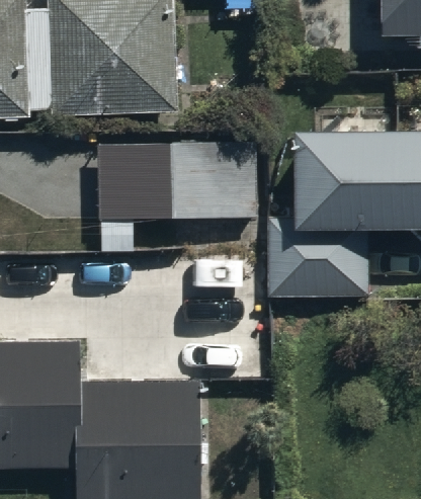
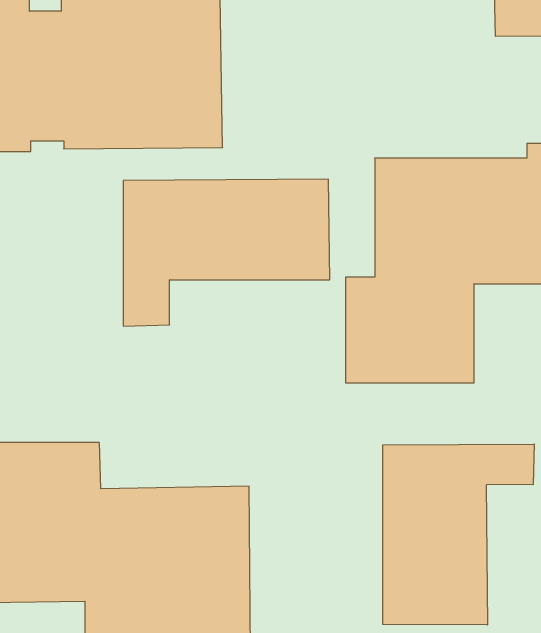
building: none -> [383,444,534,625]

